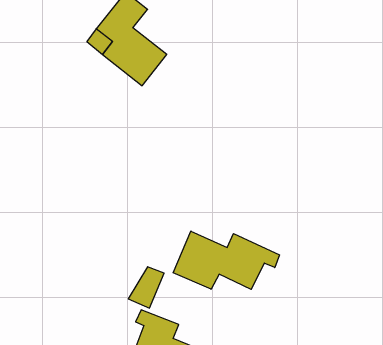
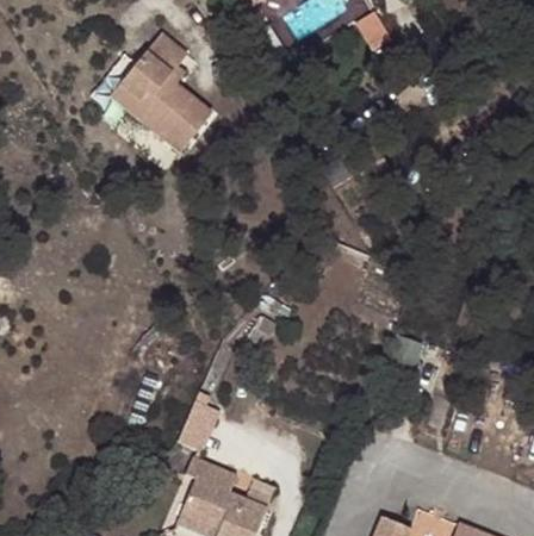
building: [173,231,280,289] -> none

